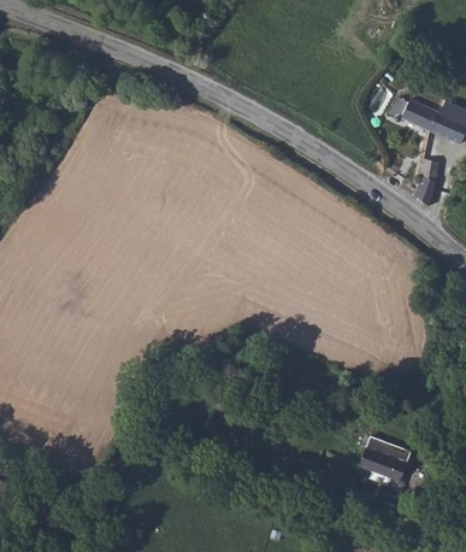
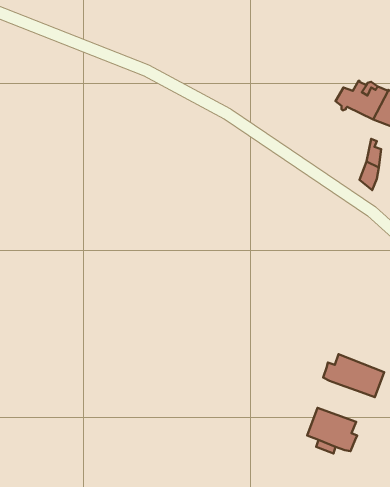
building: none -> [323,354,384,397]

